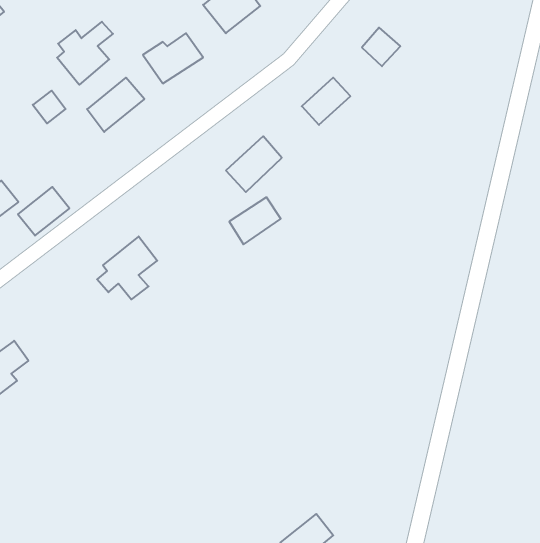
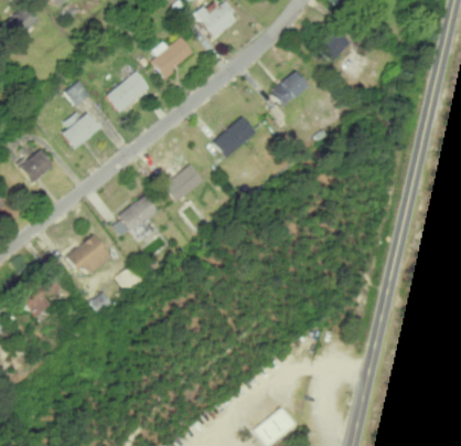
building: [57,22,113,85] -> none
building: [18,187,69,236] -> [61,112,100,149]
building: [229,197,281,244] -> [165,166,205,202]
building: none -> [66,234,112,275]

